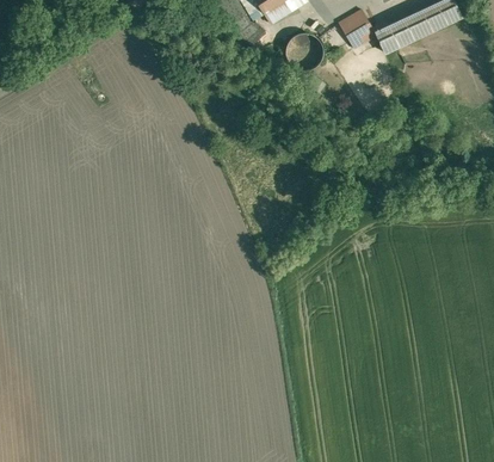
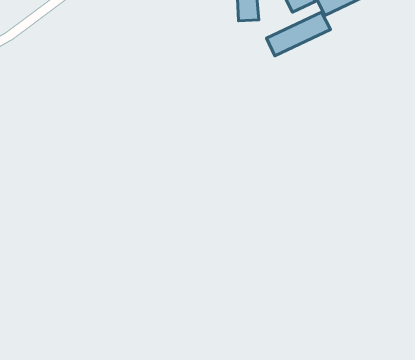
building: none -> [266,12,331,56]

